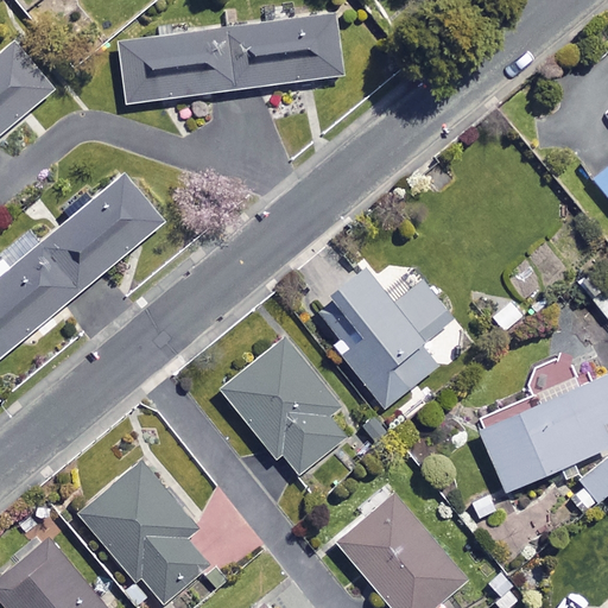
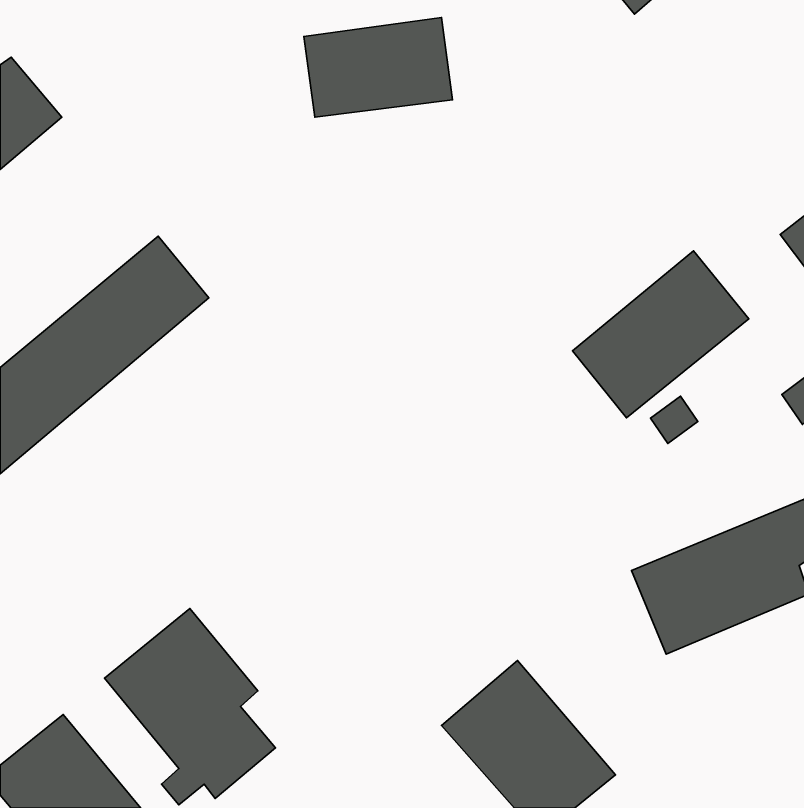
building: [121,27,240,102] -> none
building: none -> [572,251,749,418]
building: [315,271,451,408] -> none
building: [221,338,355,474] -> none

